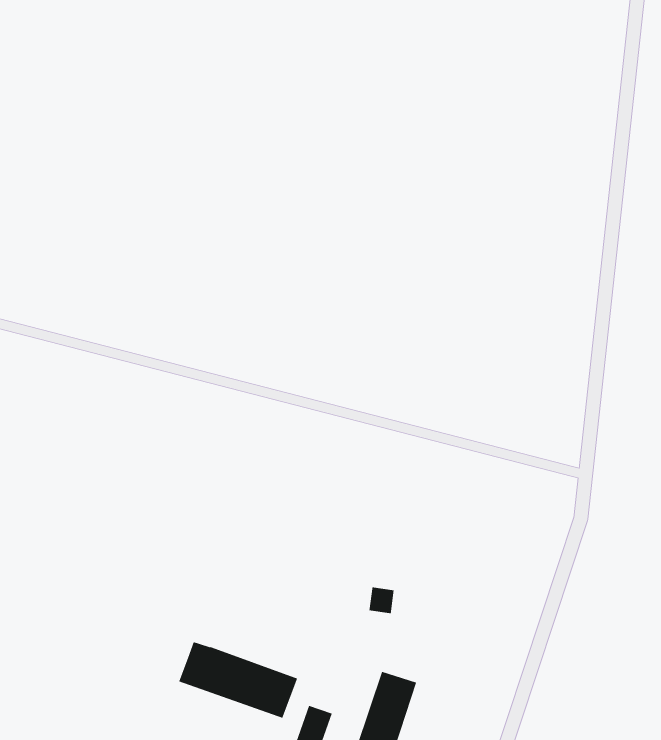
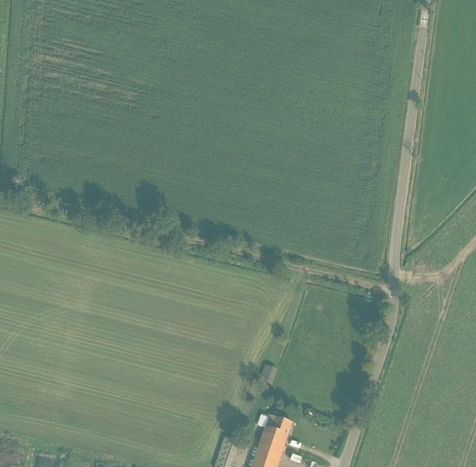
building: [178,641,298,719] -> none

